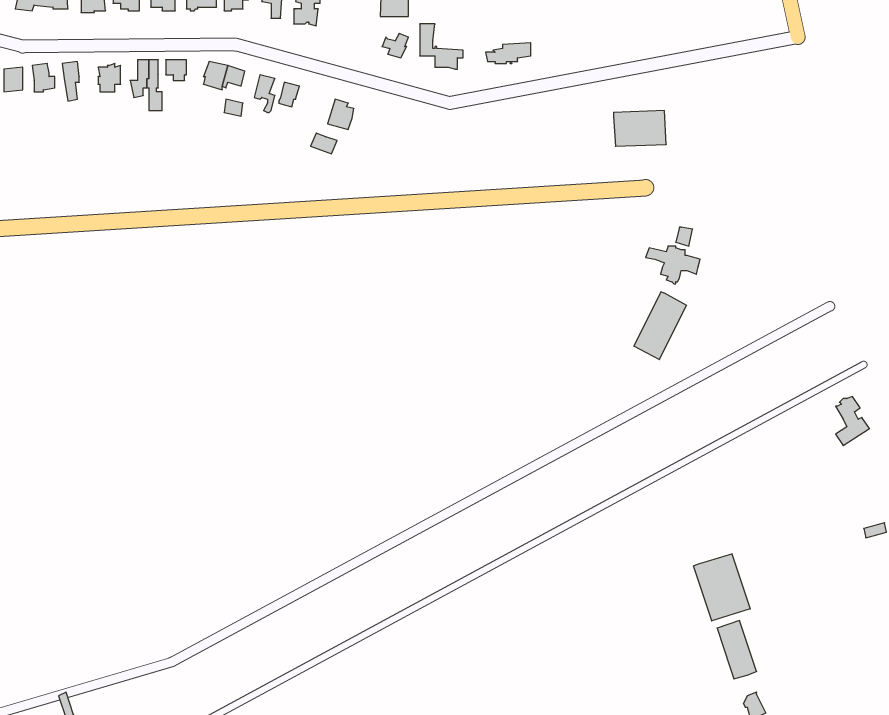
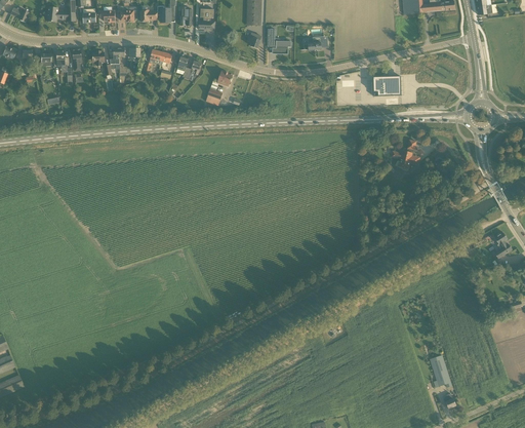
building: [634,292,686,360] -> none
building: [693,554,750,621] -> none

